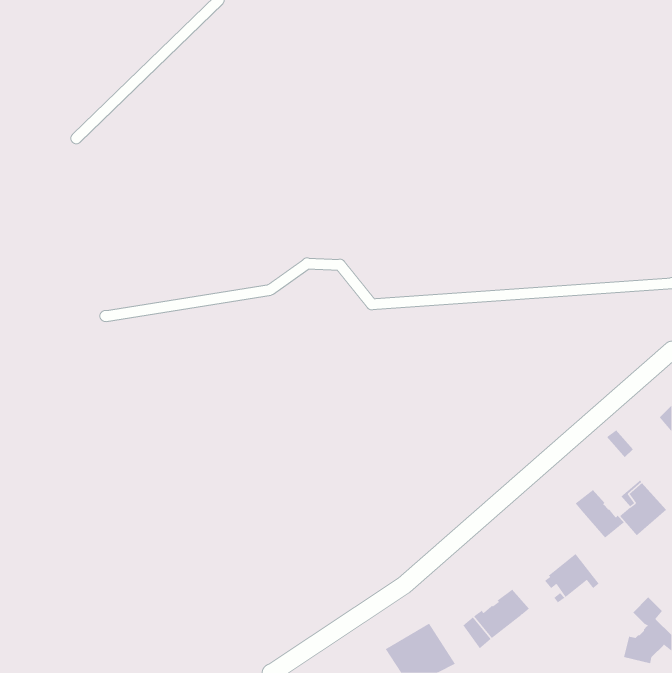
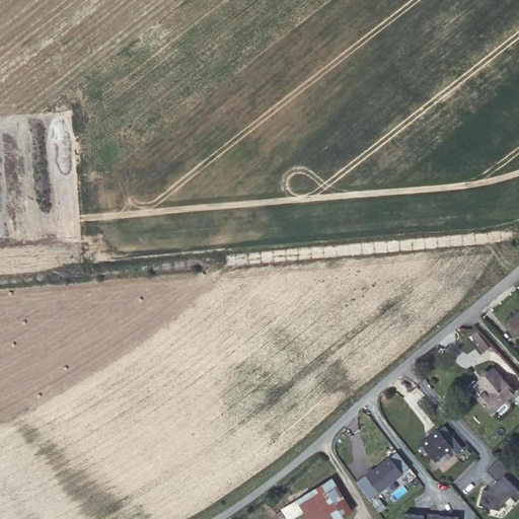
building: [575,489,625,539] -> none

